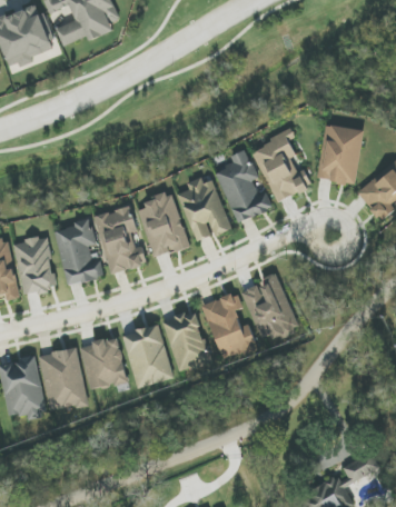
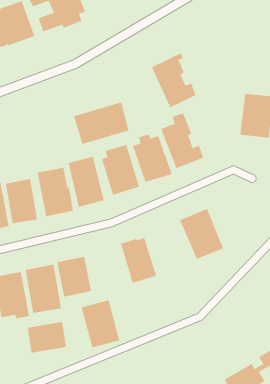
building: [251,130,310,202] -> [151,53,196,108]
building: none -> [73,101,129,145]
building: [202,292,256,360] -> none
building: [121,325,172,388] -> [81,299,120,348]
building: none -> [27,321,67,354]

